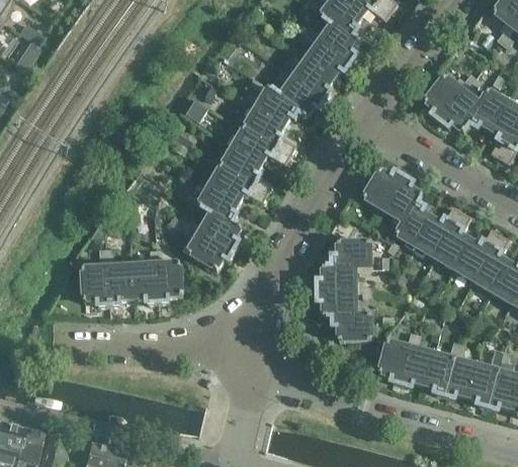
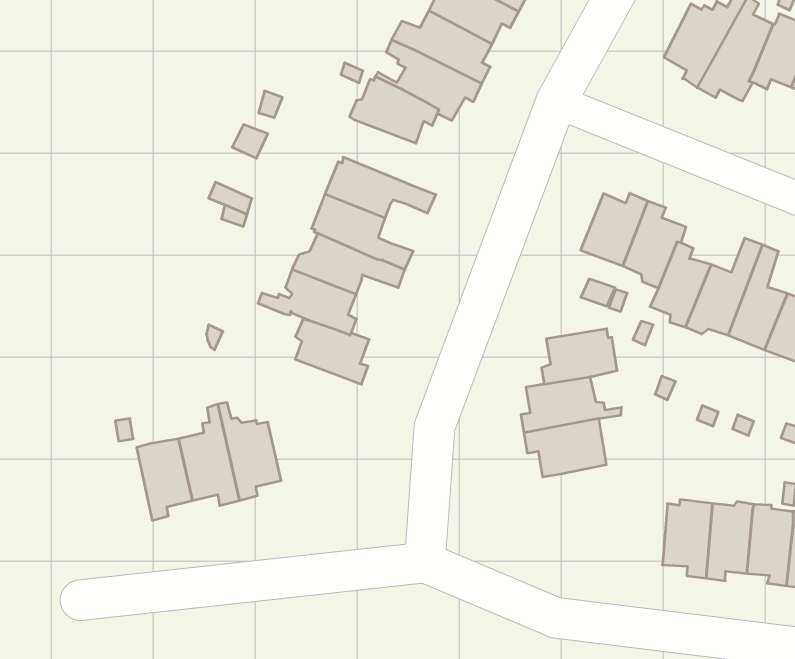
building: [243,105,294,155] -> none
building: [165,213,233,269] -> none
building: [81,264,108,305] -> none
building: [332,314,372,340] -> none

